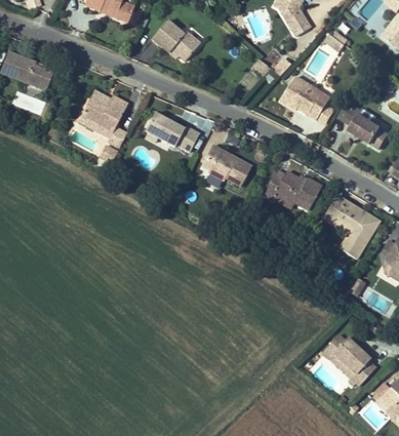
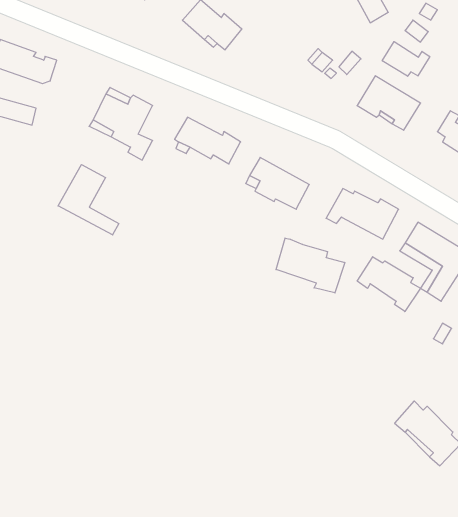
building: none -> [382,42,430,76]
building: none -> [58,165,119,235]
building: none -> [276,238,345,293]
building: none -> [357,257,421,312]

